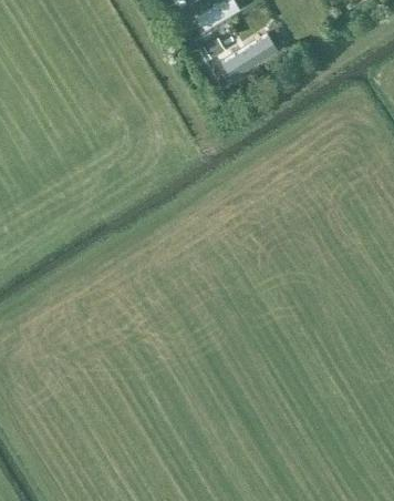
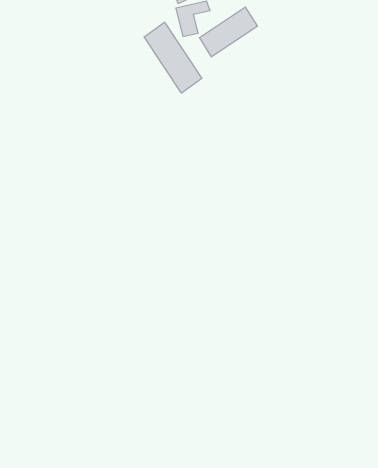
building: none -> [144,22,202,93]

